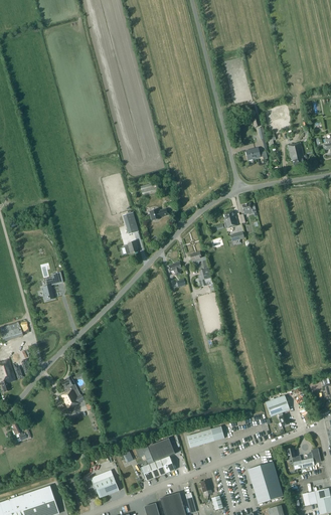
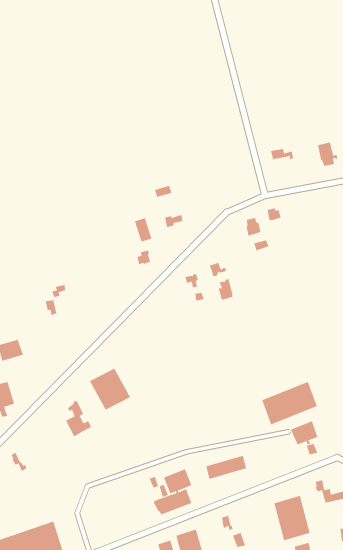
building: none -> [89,368,131,411]
building: none -> [261,381,317,425]
building: [85,475,118,497] -> none

